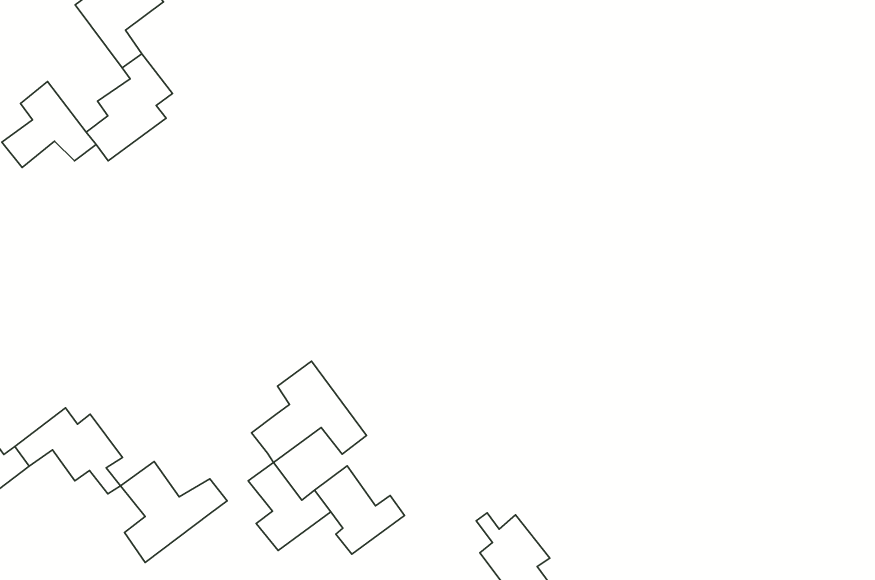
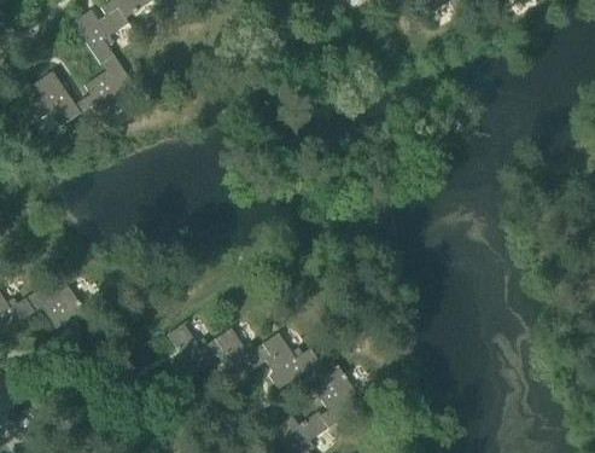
building: [251,361,366,462] -> none
building: [120,461,227,562] -> none
building: none -> [257,333,319,389]

